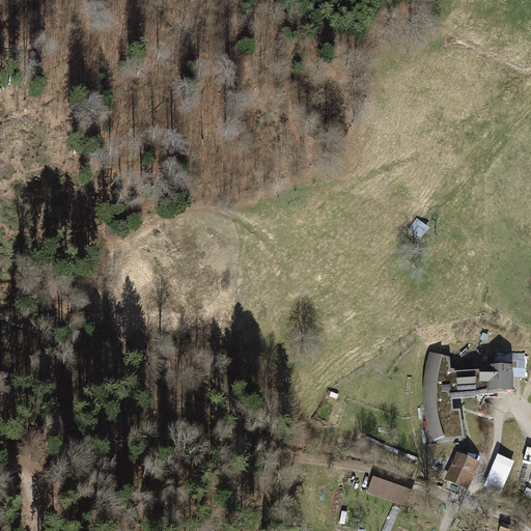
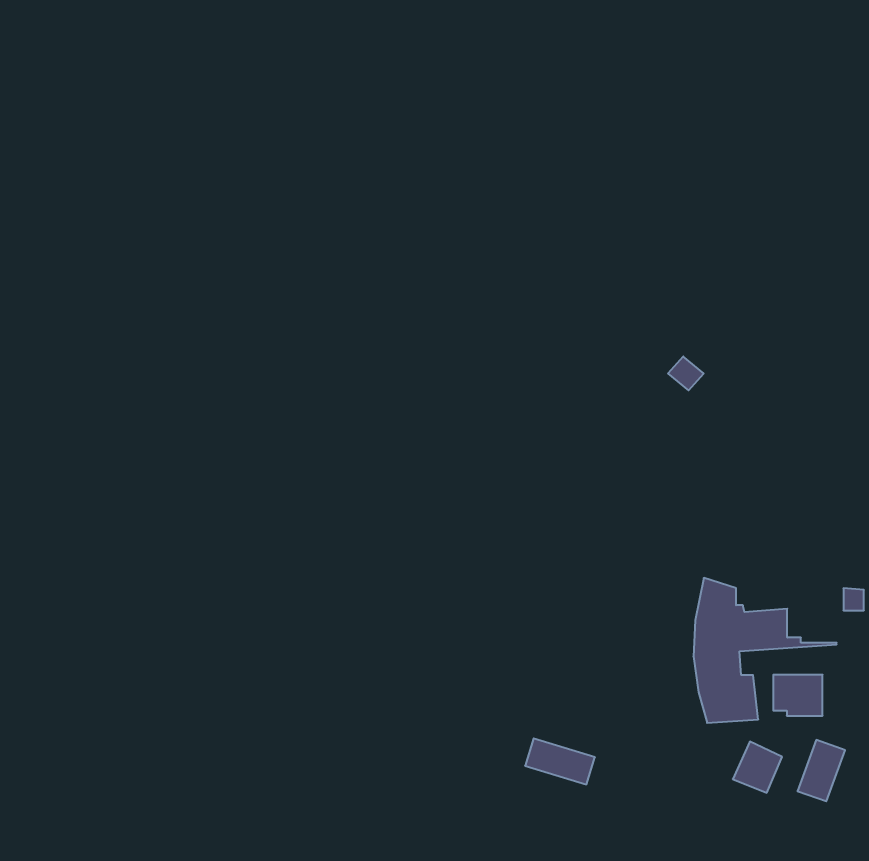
building: [480,366,510,391] -> [773,675,823,716]
building: [367,475,410,503] -> [525,738,595,784]

